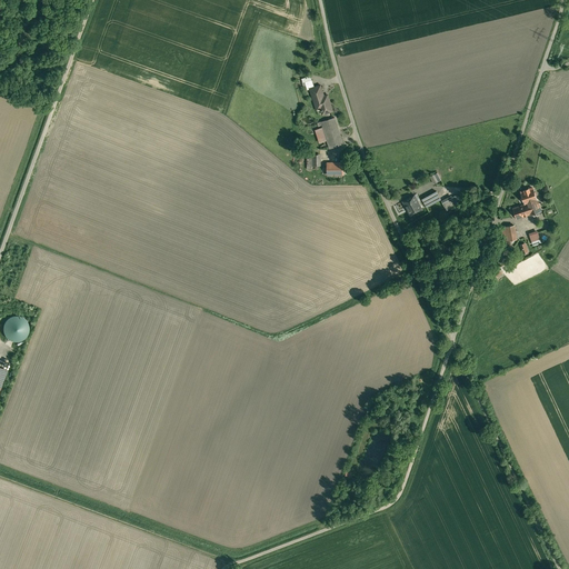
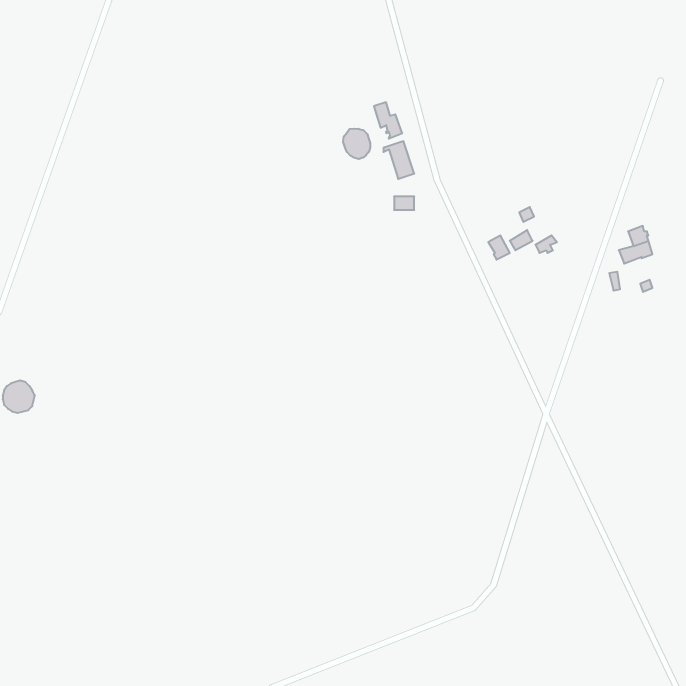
building: none -> [343,129,370,159]

